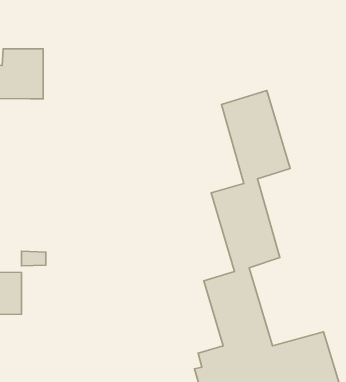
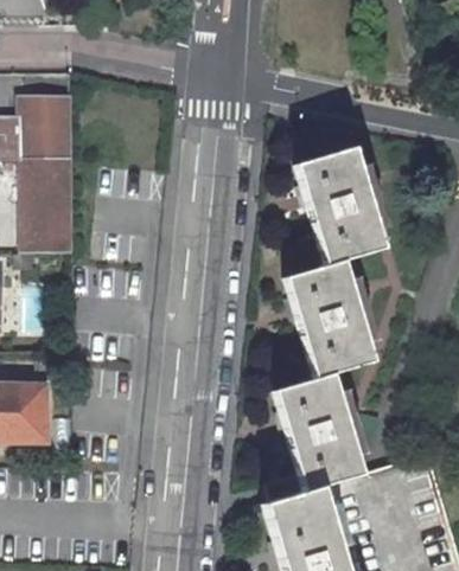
building: none -> [19,159,71,252]

